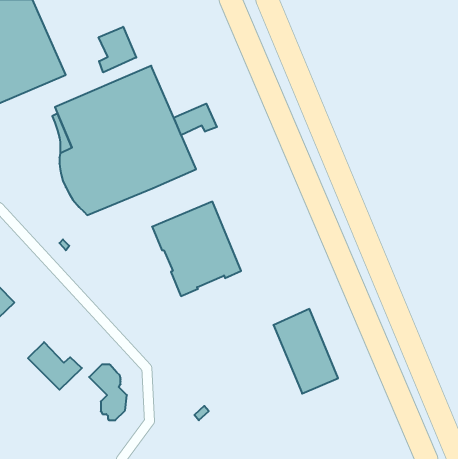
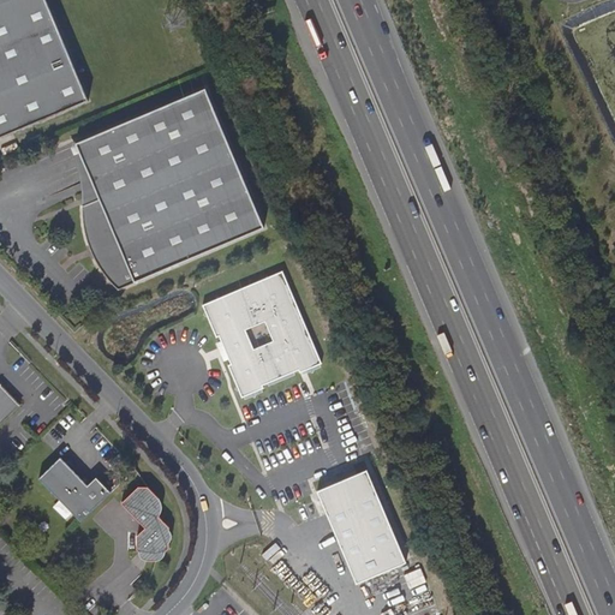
building: [99,27,136,72] -> none
building: [174,104,217,135] -> none
building: [273,309,338,394] -> [317,468,404,581]

